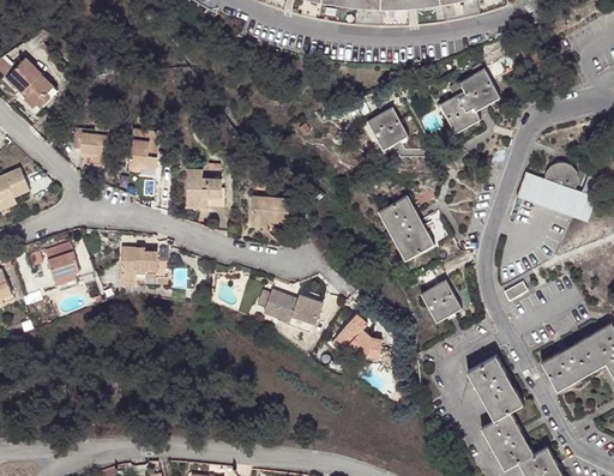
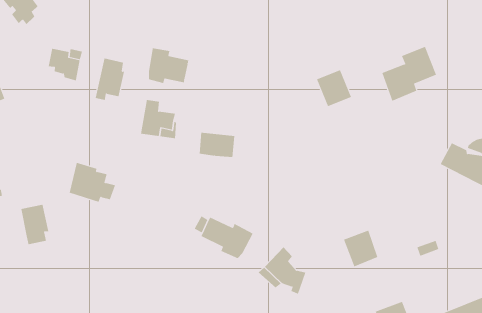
building: none -> [148,48,189,84]
building: [378,195,435,261] -> none
building: [44,242,79,289] -> [21,204,49,245]

